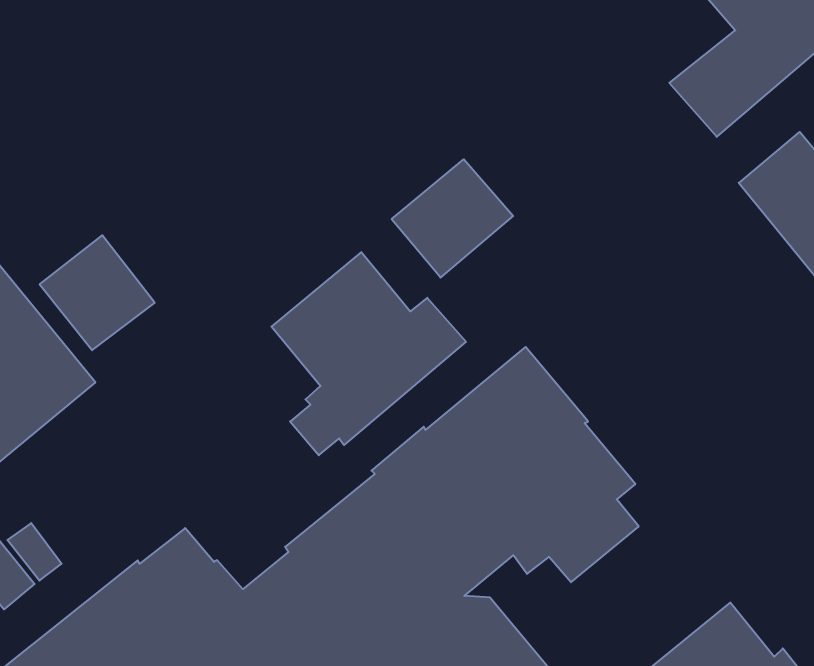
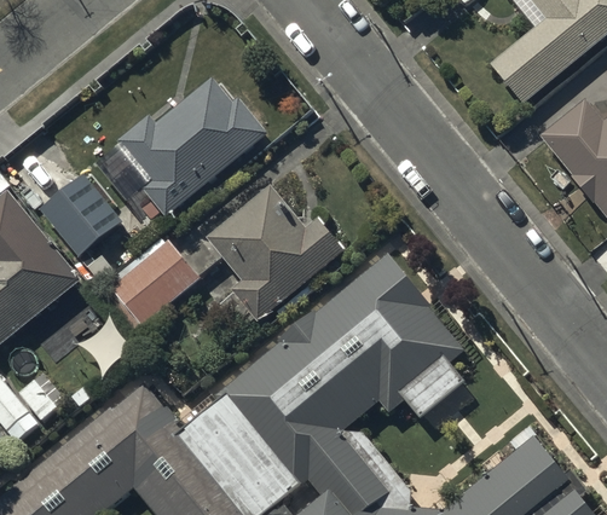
building: none -> [116,79,266,218]
building: [392,159,513,278] -> none
building: none -> [102,236,197,331]

